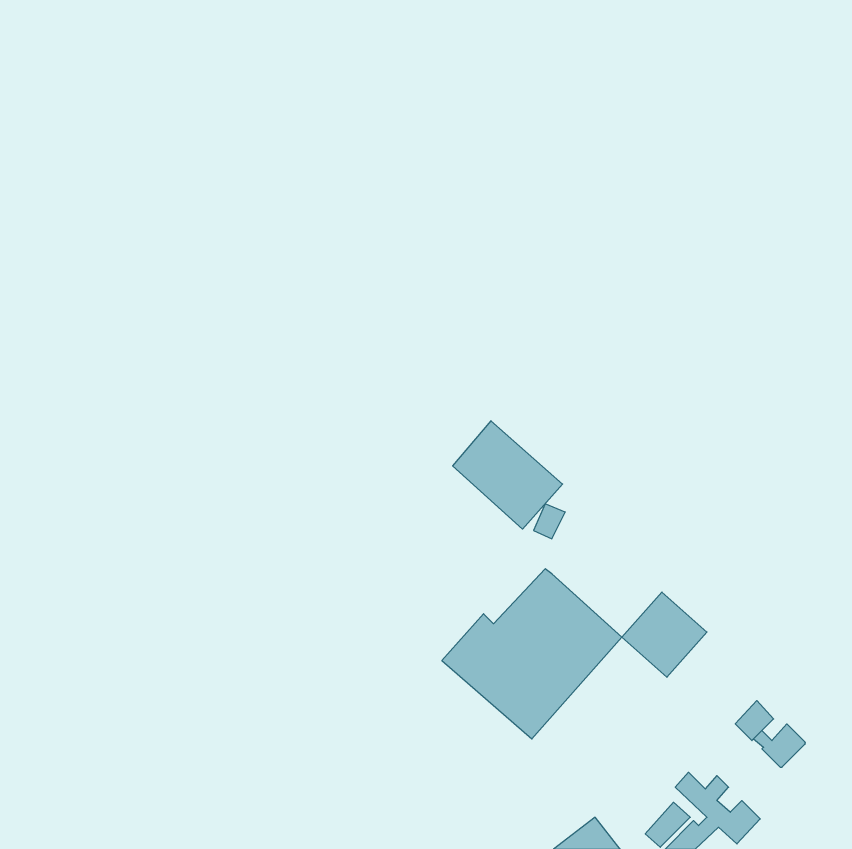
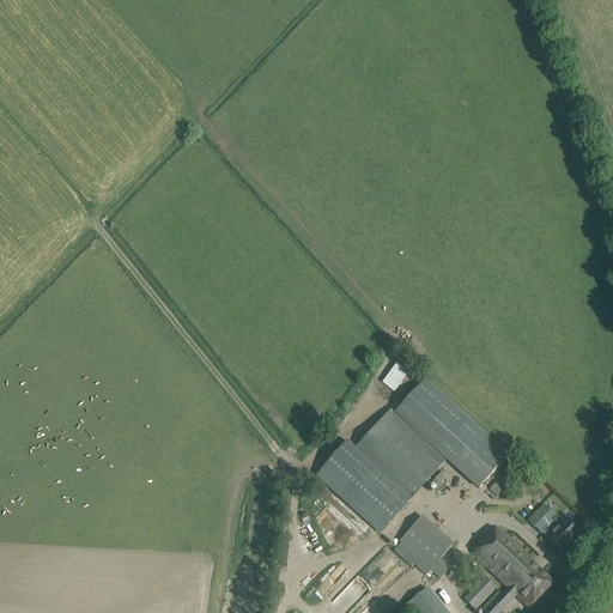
building: [453,421,563,529] -> [396,380,475,457]
building: none -> [394,516,453,572]
building: none -> [474,528,552,588]

